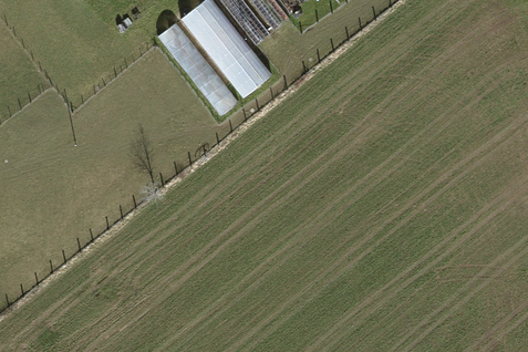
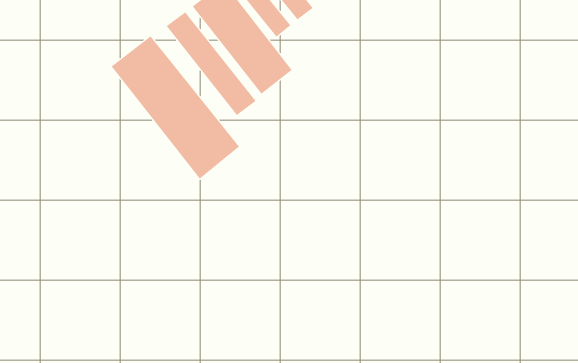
building: none -> [111,35,240,179]

